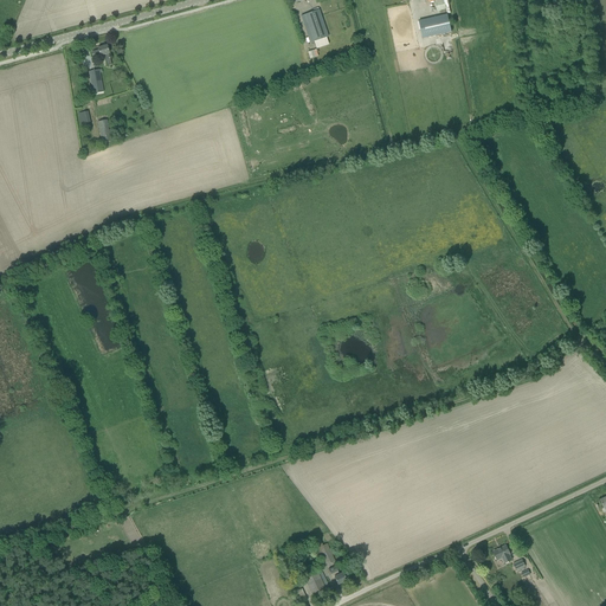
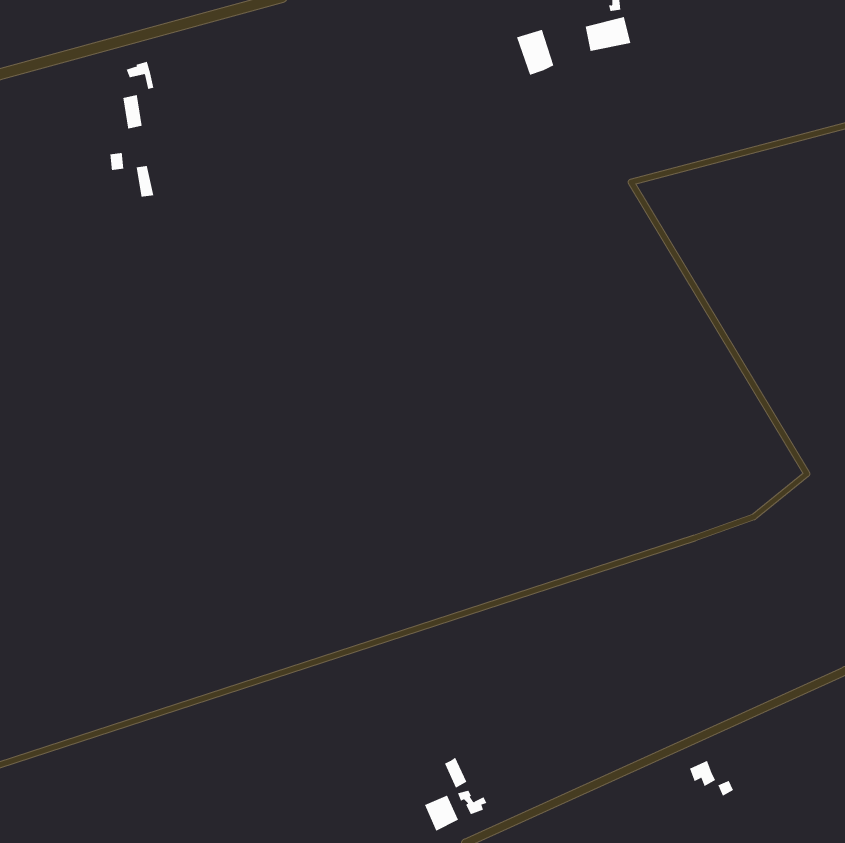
building: [299,8,327,41] -> [516,29,554,75]

